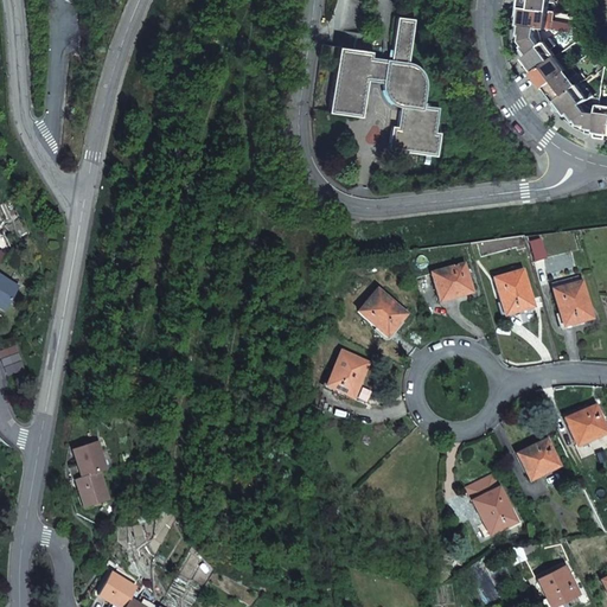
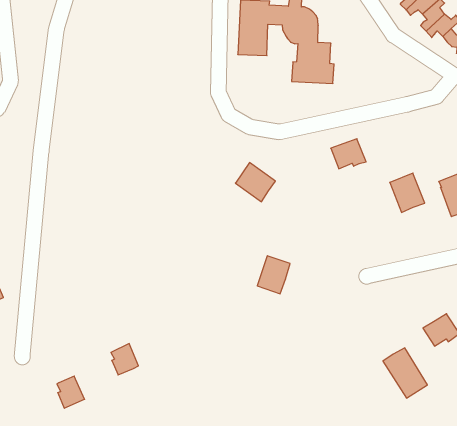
building: [432,264,472,298] -> [331,139,366,169]
building: [358,290,405,338] -> [235,163,275,202]
building: [75,441,106,477] -> [111,344,138,375]

